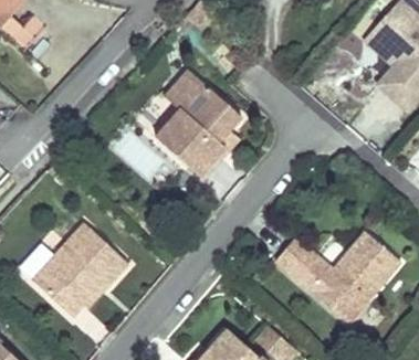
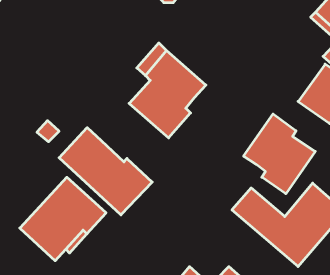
building: none -> [244,114,315,194]
building: none -> [59,128,152,215]

